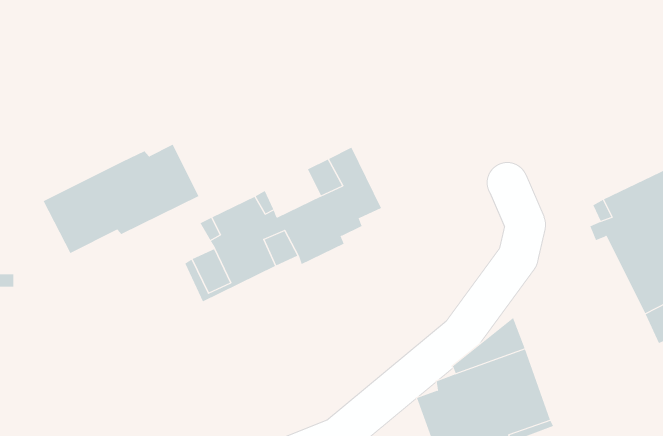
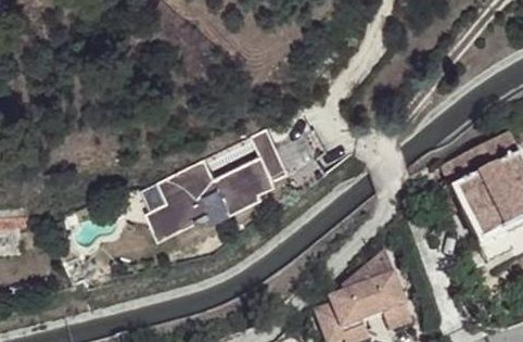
building: [43,144,199,254] -> none

